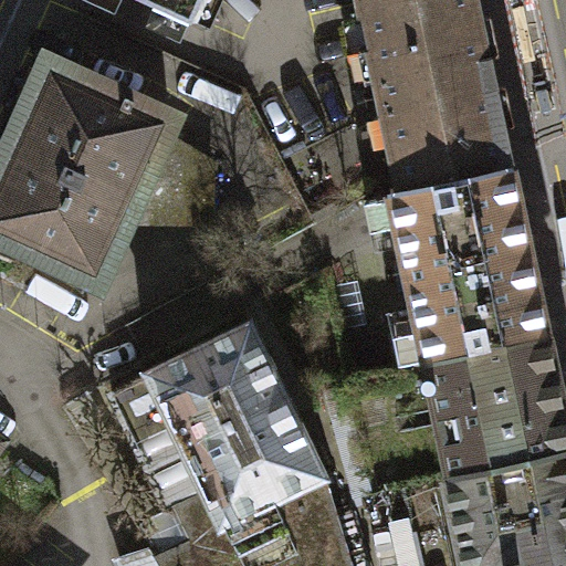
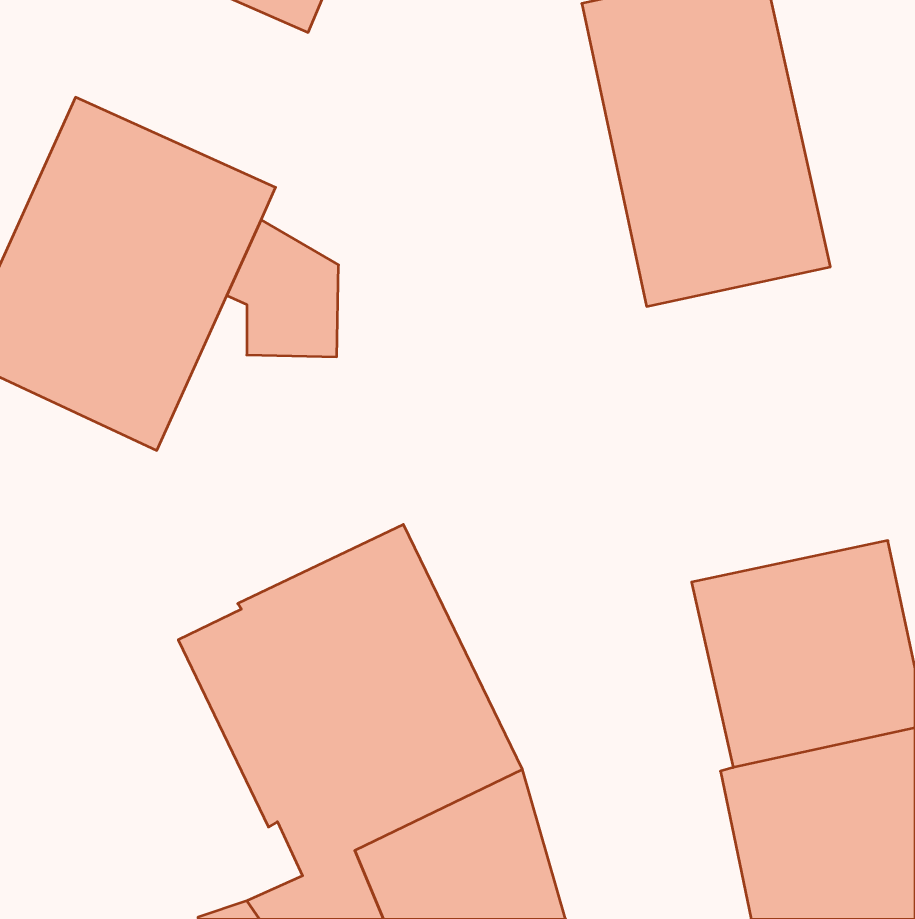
building: [388,164,545,357] -> none

